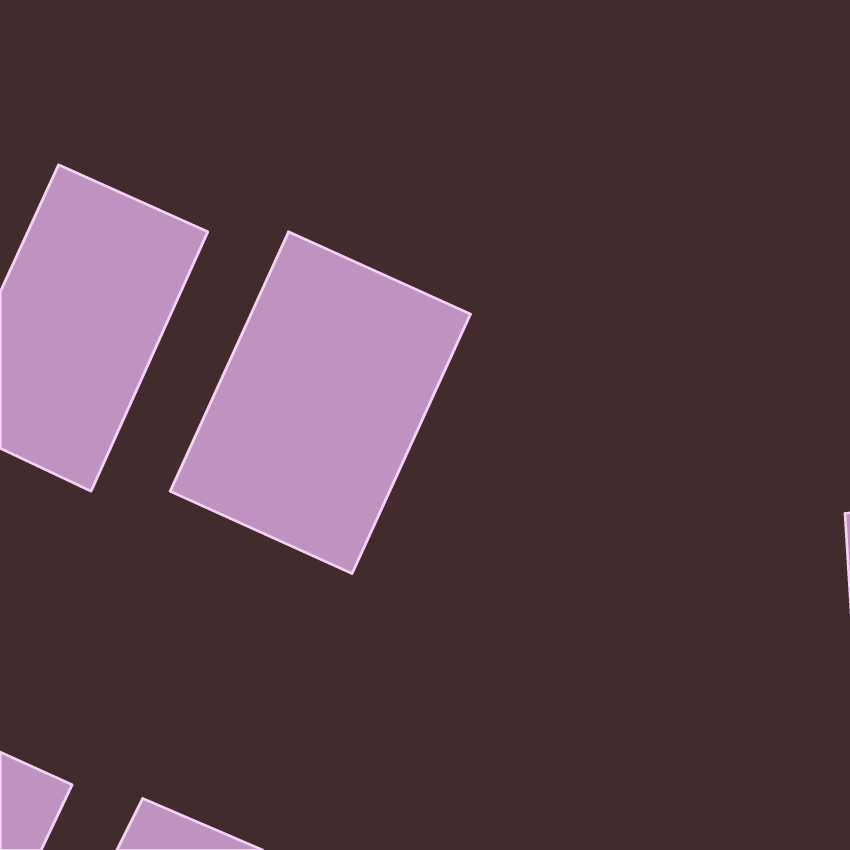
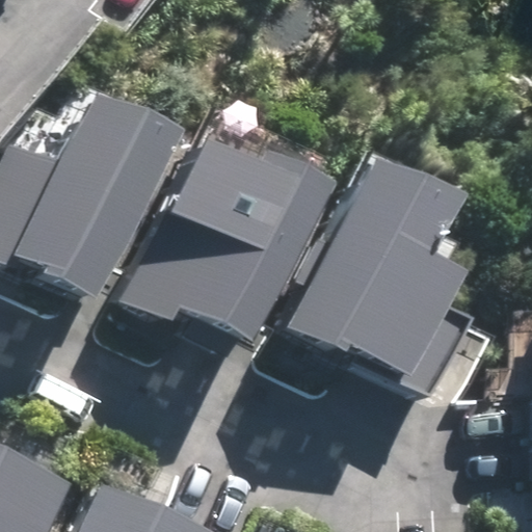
building: none -> [272,175,435,377]

